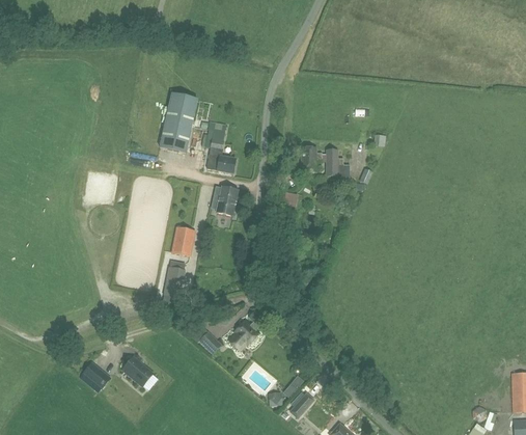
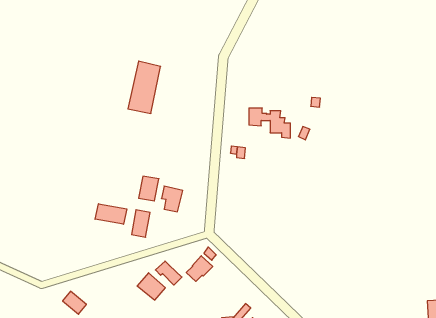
building: [205,129,236,172] -> none
building: [213,185,238,215] -> [161,186,183,212]
building: none -> [95,204,127,224]
building: [120,354,154,386] -> [137,273,165,300]

